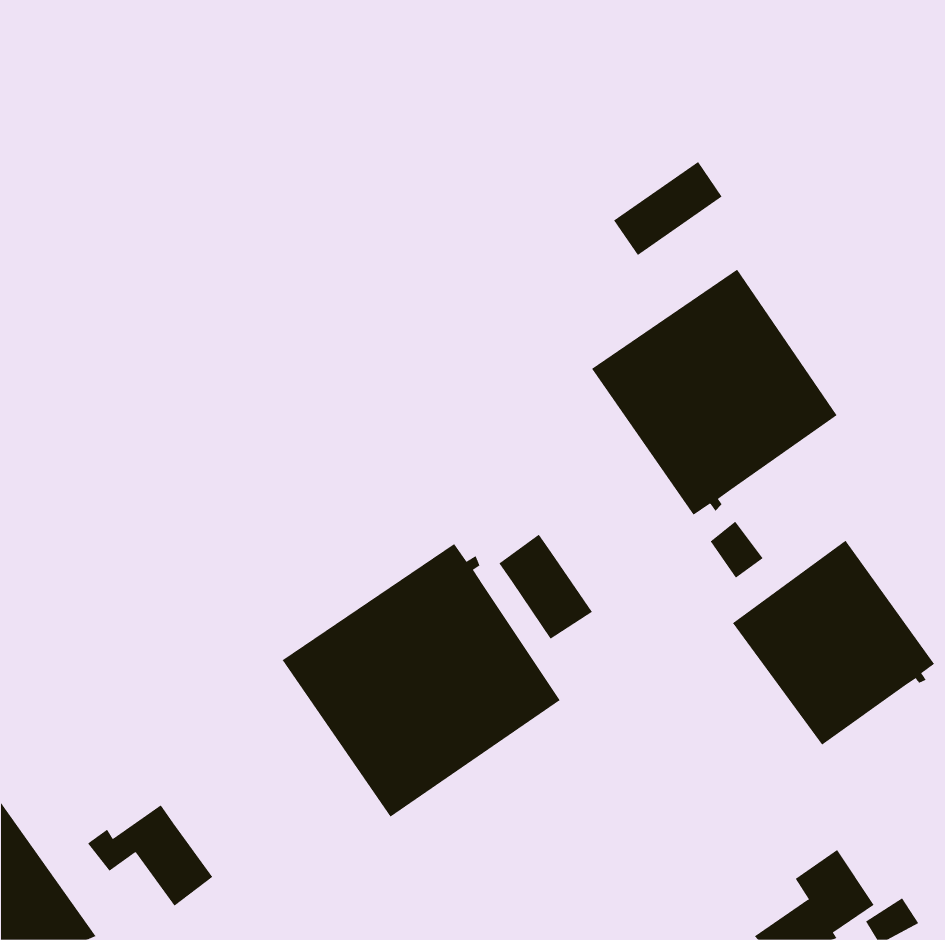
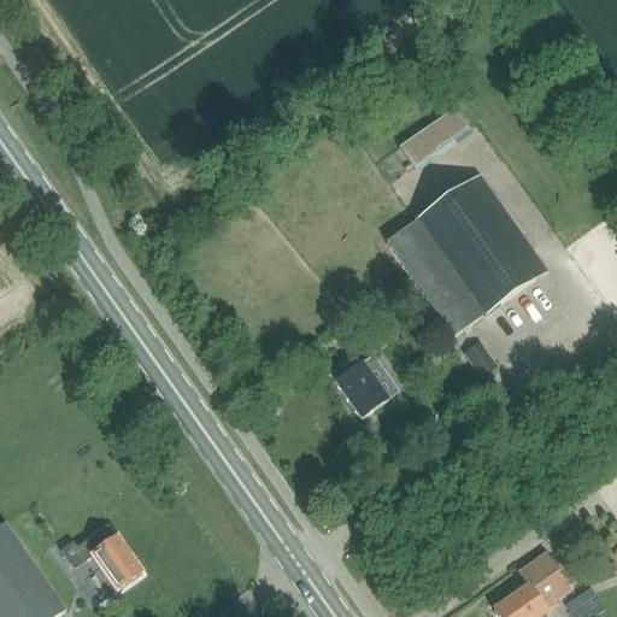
building: [732,540,935,746] -> none
building: [282,543,561,818] -> none

